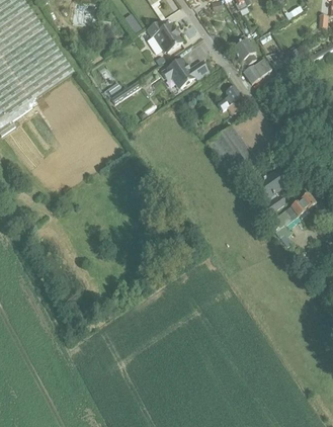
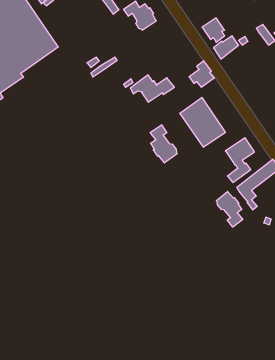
building: [161,57,209,86] -> [130,75,174,102]
building: none -> [150,125,177,163]
building: none -> [216,191,243,227]

